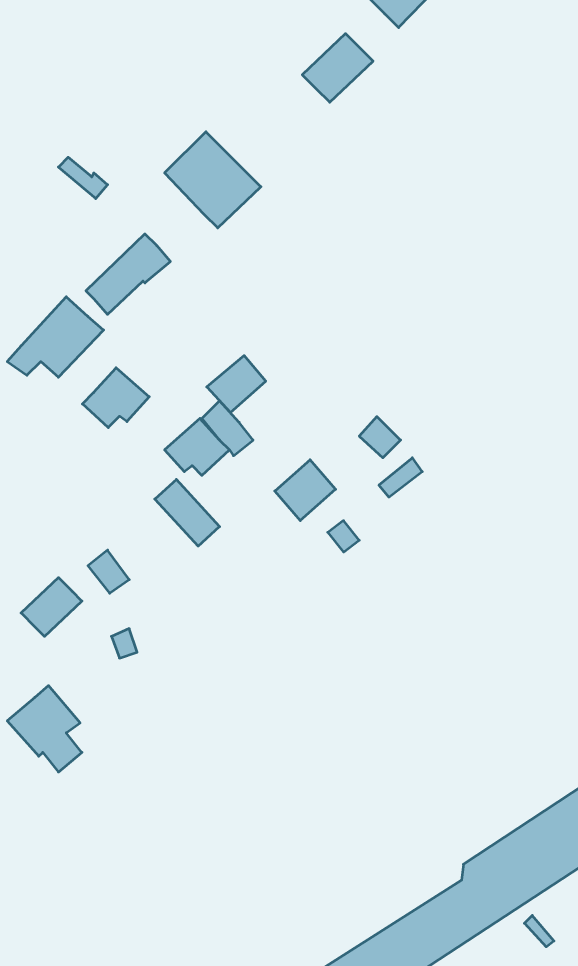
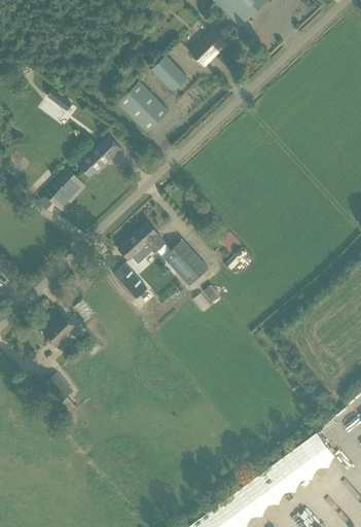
building: none -> [151,55,187,92]
building: [207,356,266,412] -> [164,240,194,270]
building: [82,368,149,428] -> none

